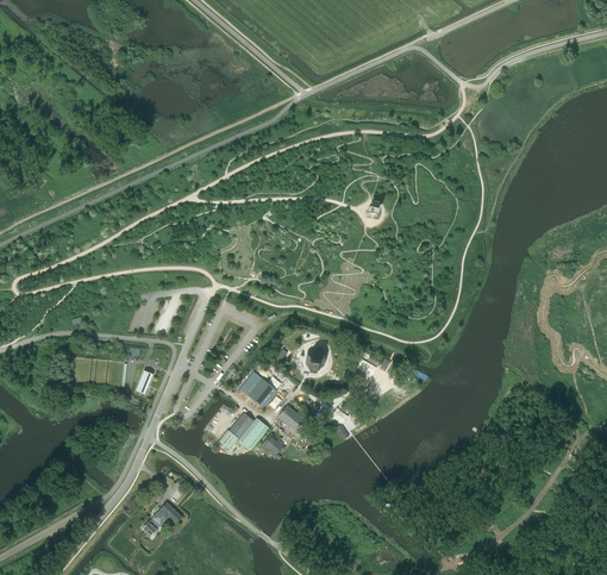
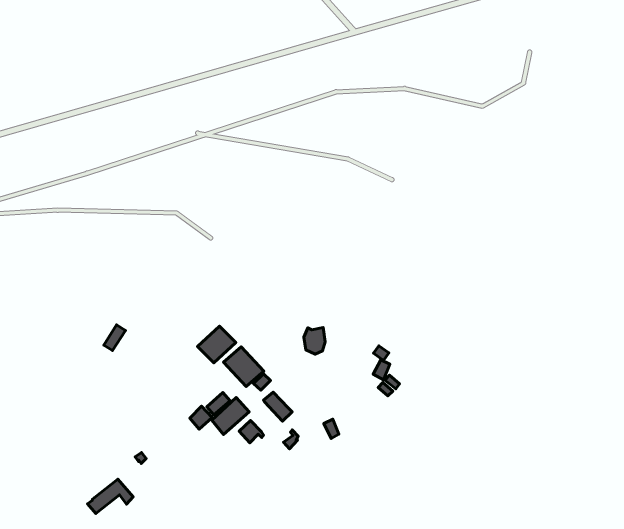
building: none -> [198,326,236,363]

